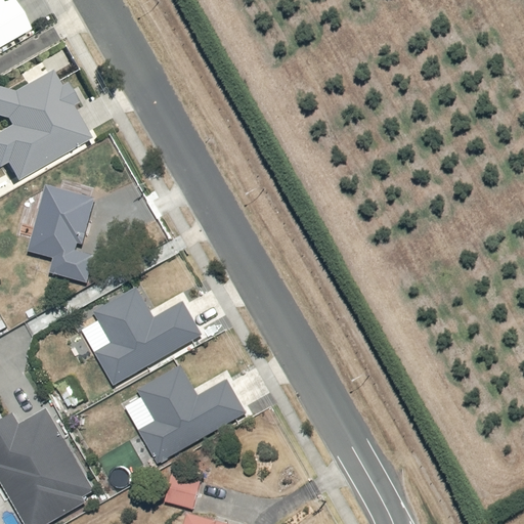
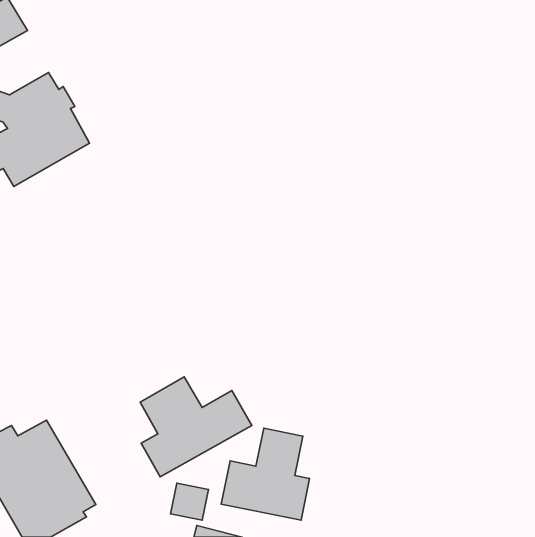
building: [33,193,99,281] -> none
building: [92,287,201,385] -> none
building: none -> [221,428,310,520]

